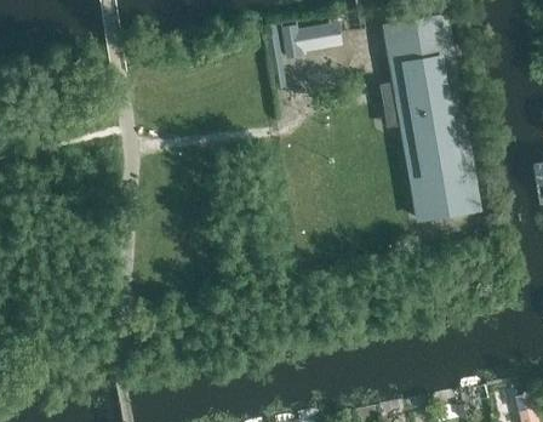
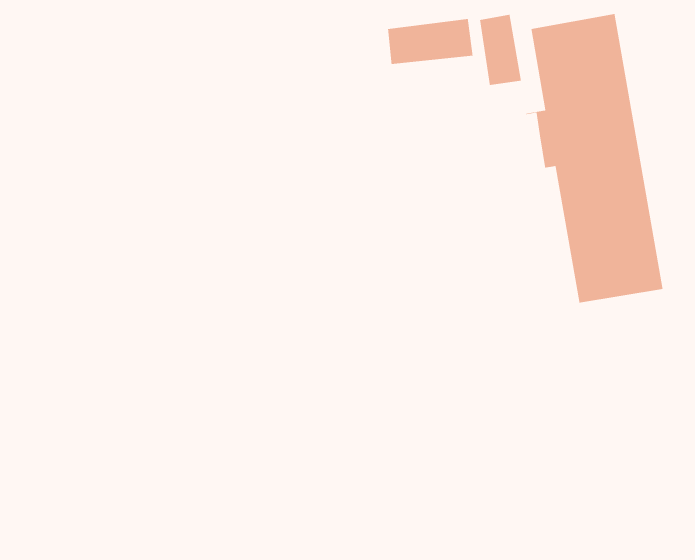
building: none -> [479,14,522,86]

